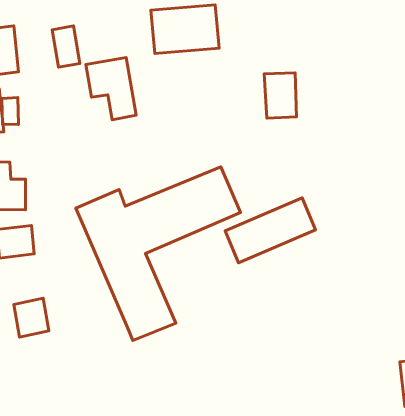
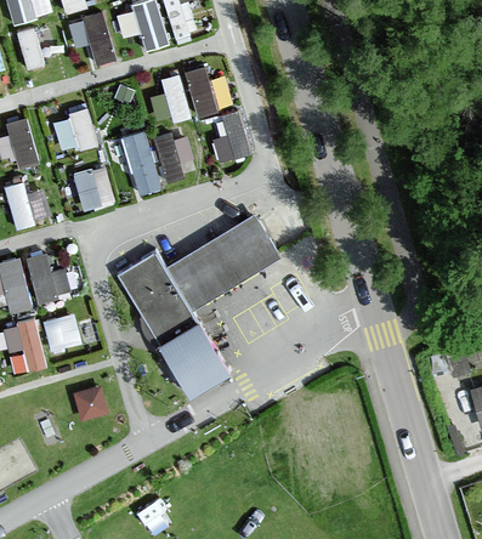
building: none -> [159,136,191,176]
building: [264,73,296,118] -> [211,112,250,161]
building: none -> [62,170,112,212]
building: [225,198,316,263] -> none

